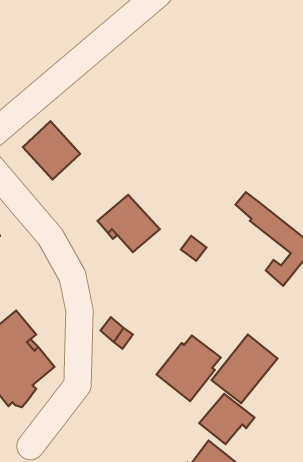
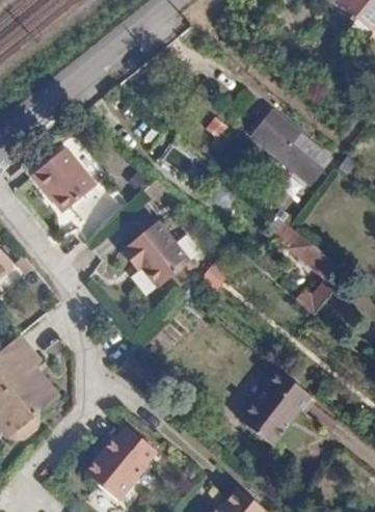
building: none -> [250,106,328,181]
building: [157,335,221,401] -> [87,425,157,496]
building: [199,394,255,444] -> none

